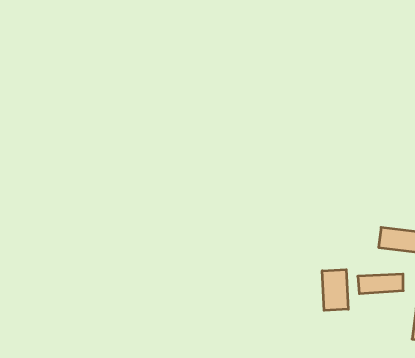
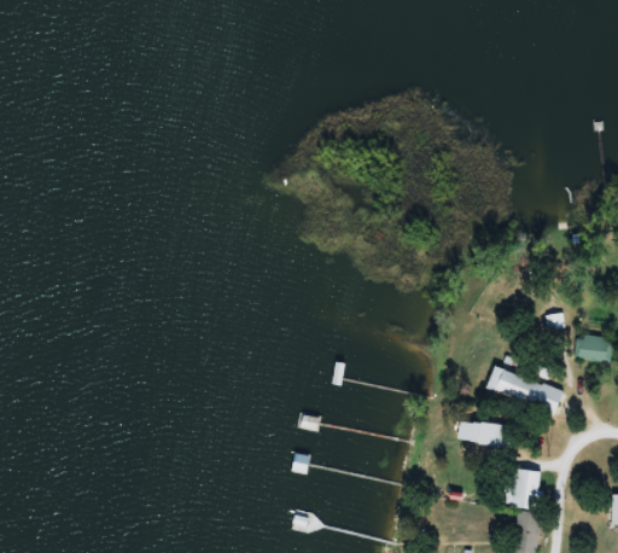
building: [322,270,348,310] -> none

